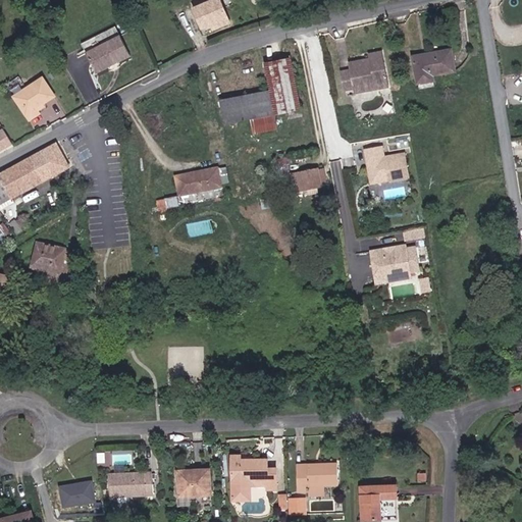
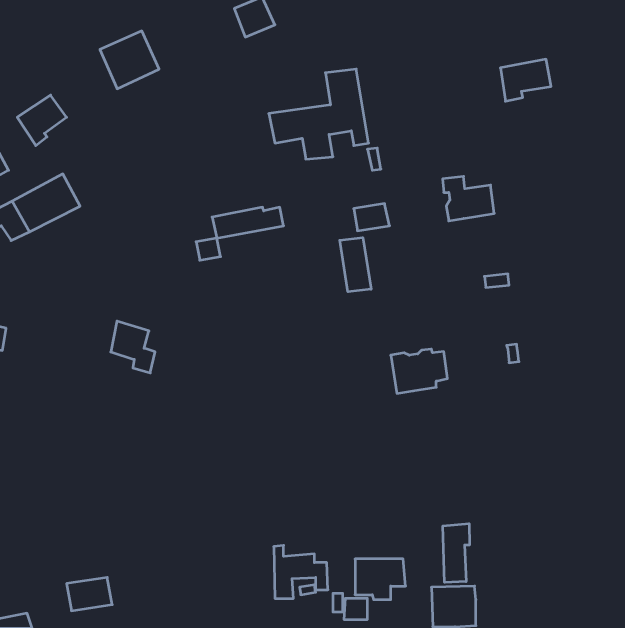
building: [340,49,387,90] -> none
building: none -> [340,238,371,292]
building: [27,237,63,279] -> [111,321,155,373]
building: [370,253,417,290] -> [391,349,447,393]
building: none -> [443,524,469,582]
building: [117,468,150,490] -> none
building: [171,469,204,494] -> none

